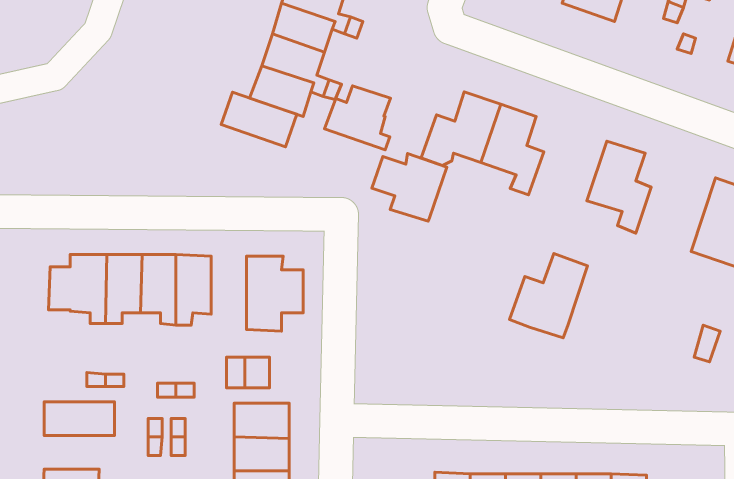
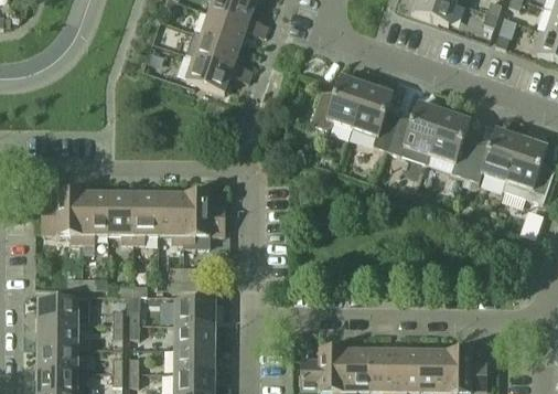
building: [325,86,390,150] -> none
building: [221,92,297,147] -> none
building: [372,154,447,221] -> none
building: none -> [463,128,521,190]
building: [509,254,588,338] -> [386,102,442,162]
building: none -> [158,193,183,243]
building: none -> [37,322,77,347]

